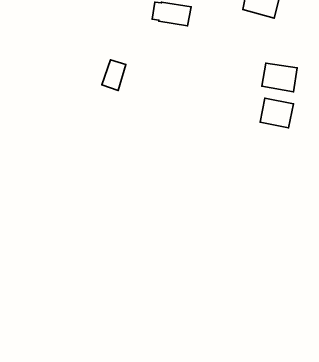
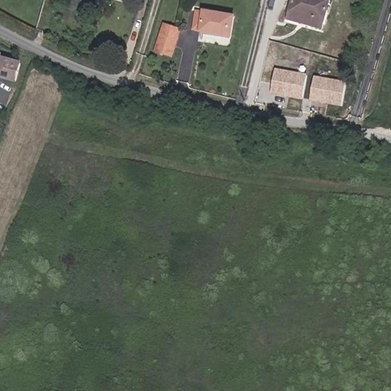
building: [102,60,126,90] -> [154,24,179,56]
building: [260,98,293,128] -> [269,67,304,98]

